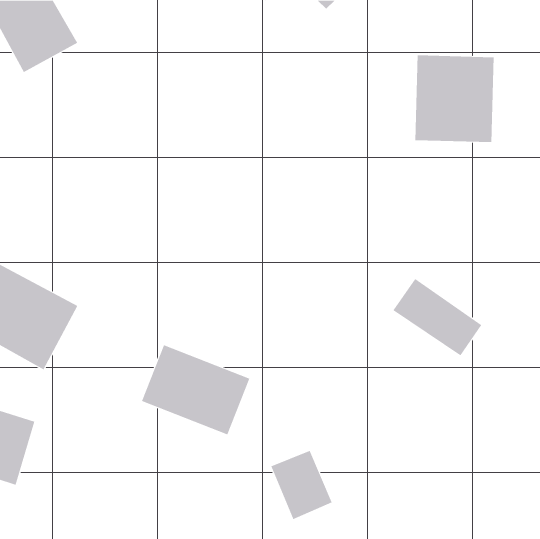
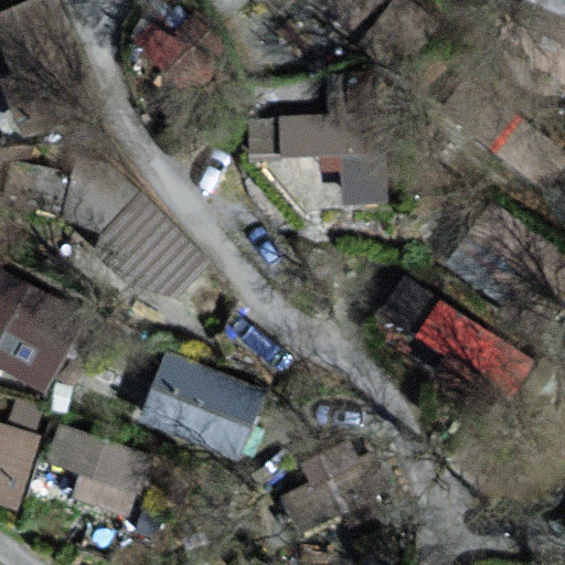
building: [415,55,494,143] -> none
building: none -> [276,99,388,198]
building: none -> [52,434,147,516]

